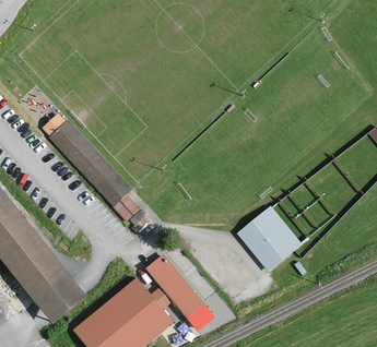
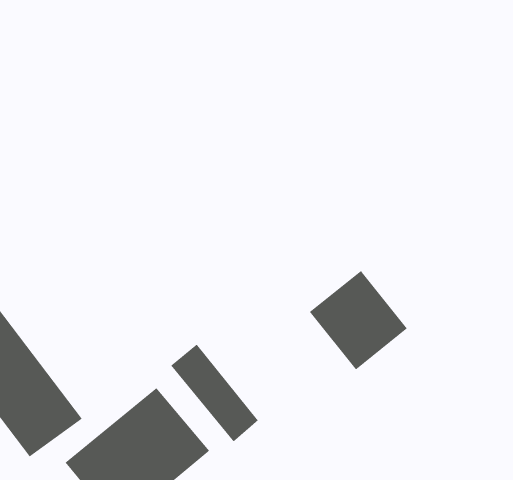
building: [38,107,137,216] -> none

